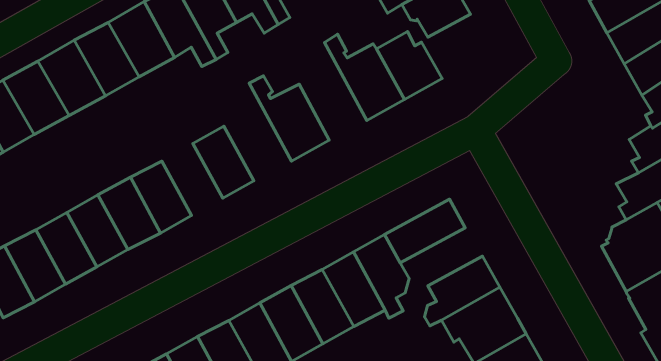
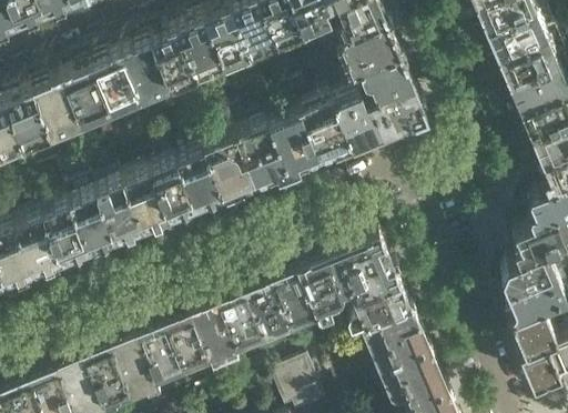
building: none -> [371,83,426,132]
building: none -> [268,92,320,171]
building: none -> [203,118,255,197]
building: none -> [151,161,196,219]
building: none -> [333,254,399,298]

